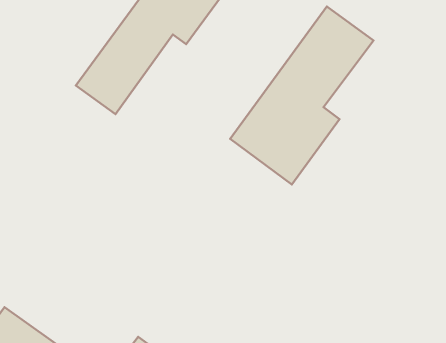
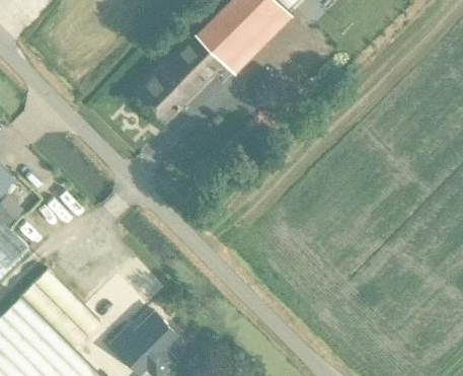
building: [230,7,374,185] -> none

